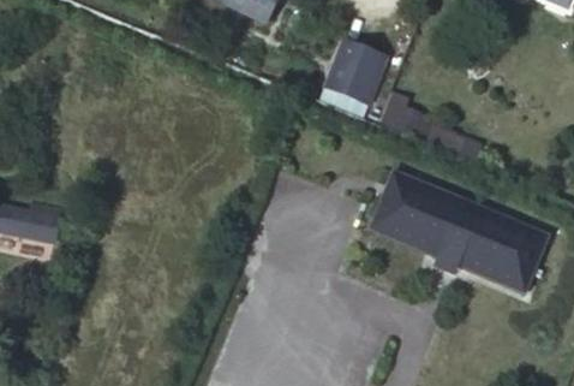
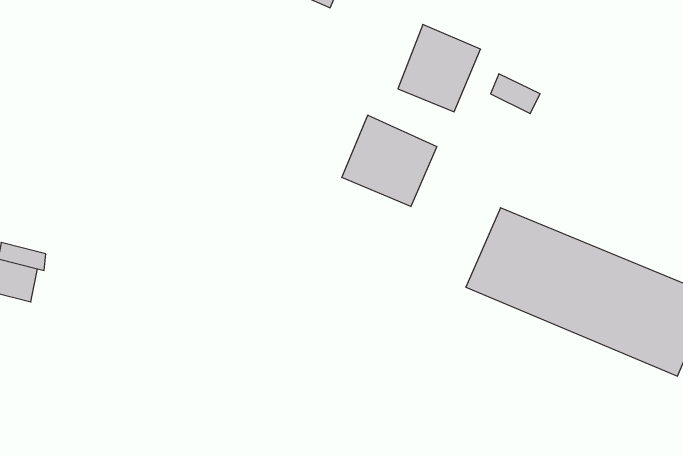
building: none -> [342,115,437,207]

